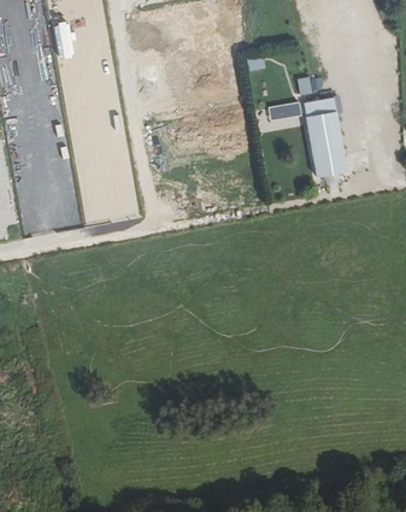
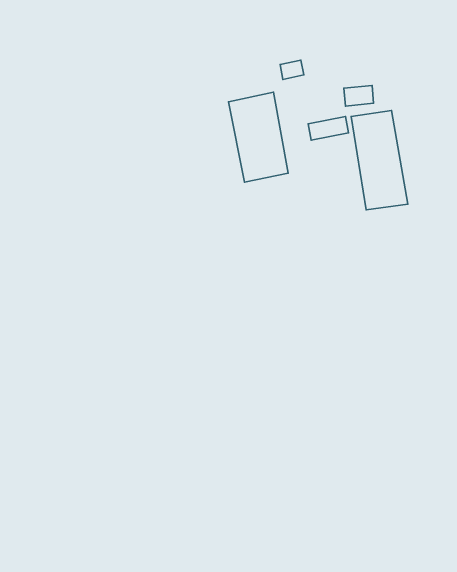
building: none -> [228,92,288,182]

